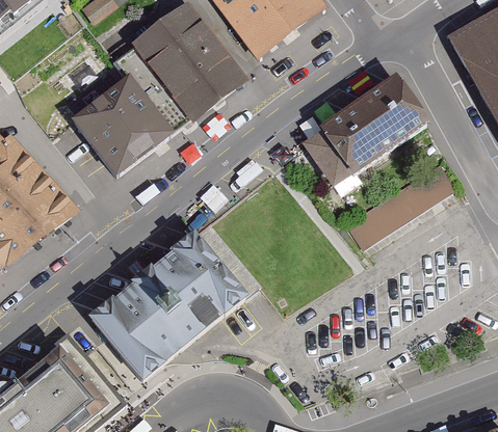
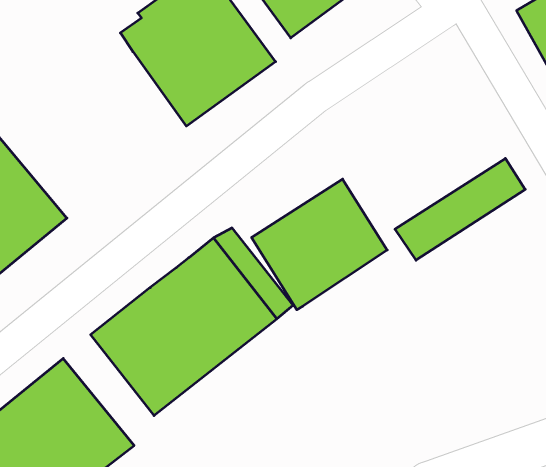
building: [68,73,172,177] -> none
building: [300,81,426,192] -> none
building: none -> [252,179,387,310]

